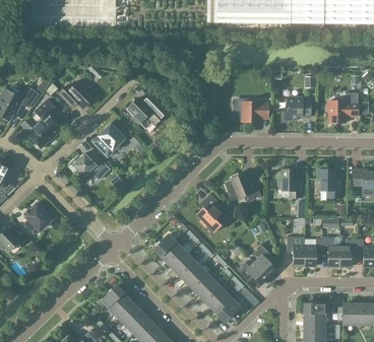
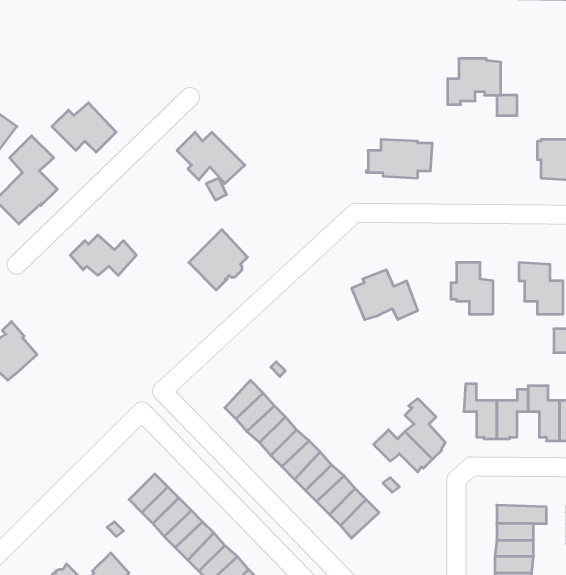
building: [282,96,311,122] -> [448,59,501,105]
building: [92,123,125,156] -> [189,230,248,290]
building: [196,193,229,232] -> none

